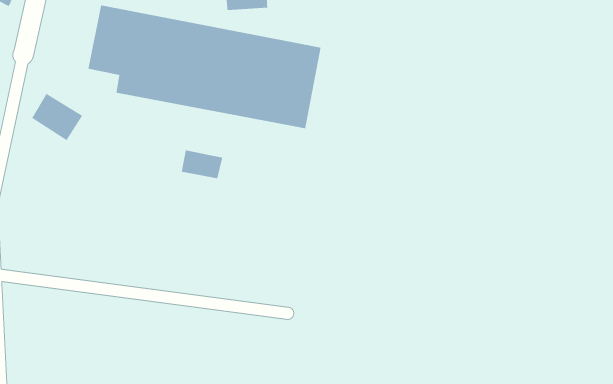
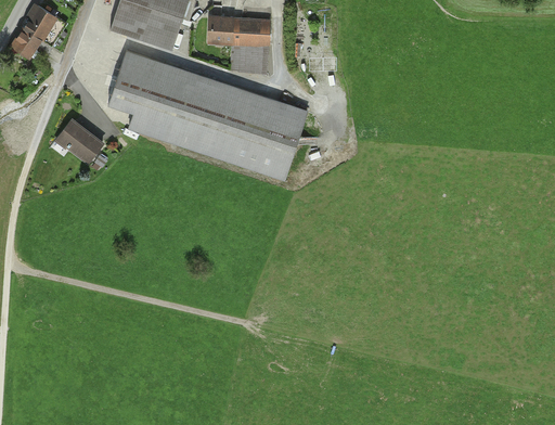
building: [181,149,223,179] -> none

